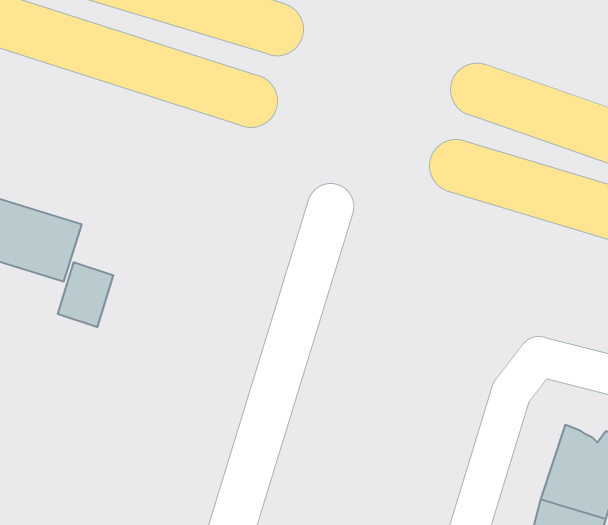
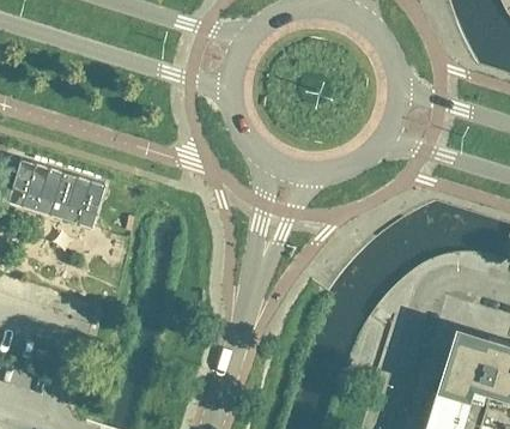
building: [58,262,113,327] -> none

